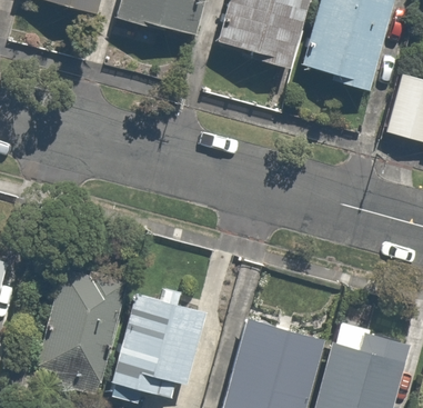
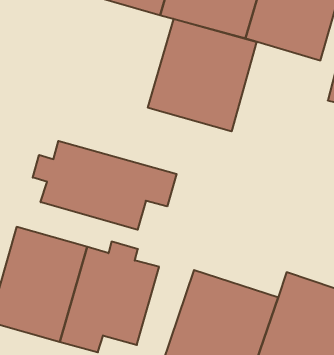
building: none -> [148,19,256,131]
building: none -> [33,141,177,230]

